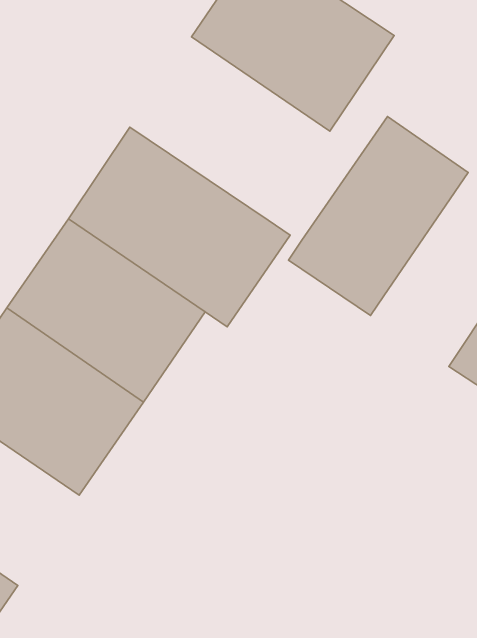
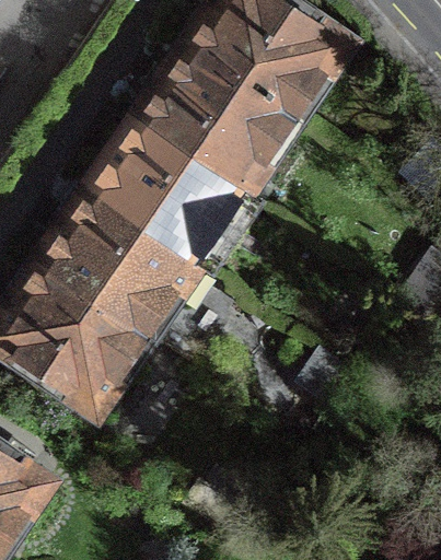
building: none -> [136,44,295,190]
building: [289,117,468,316] -> none

